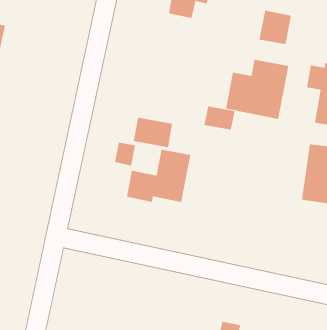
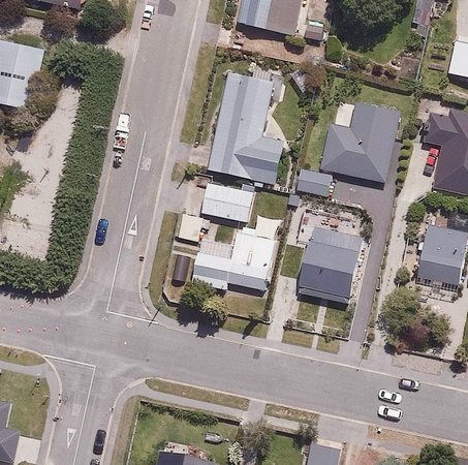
building: [259,10,291,45] -> none
building: none -> [208,70,285,181]
building: none -> [299,210,364,302]

